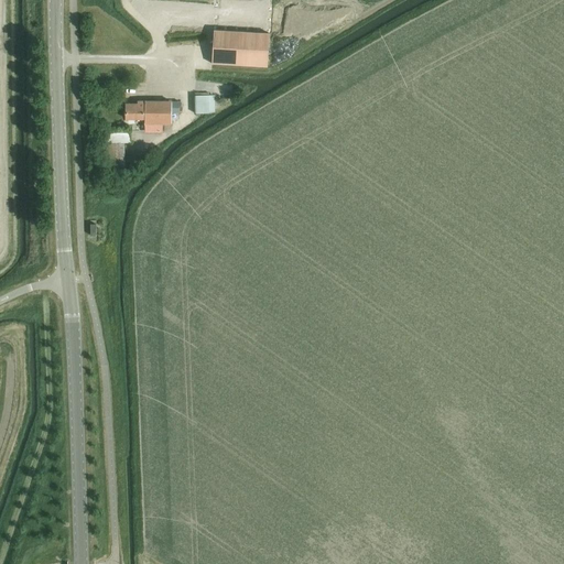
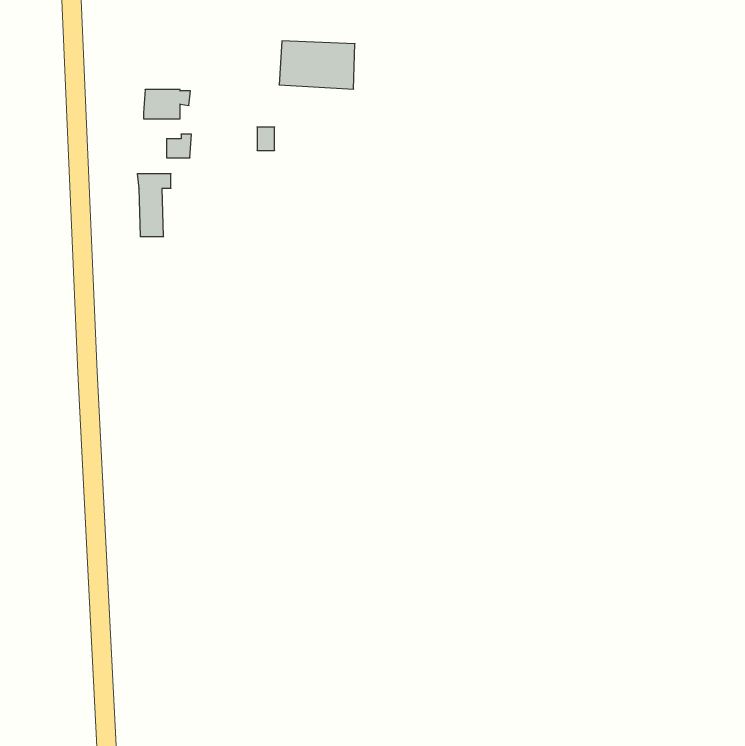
building: [143,101,178,123] -> [144,90,190,119]

